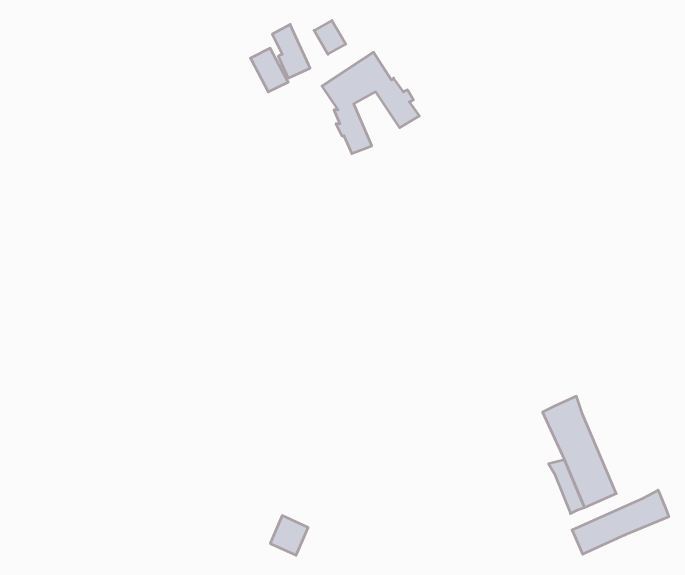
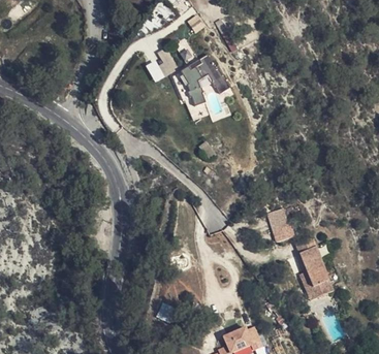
building: none -> [269,211,293,245]
building: [572,490,669,554] -> none

